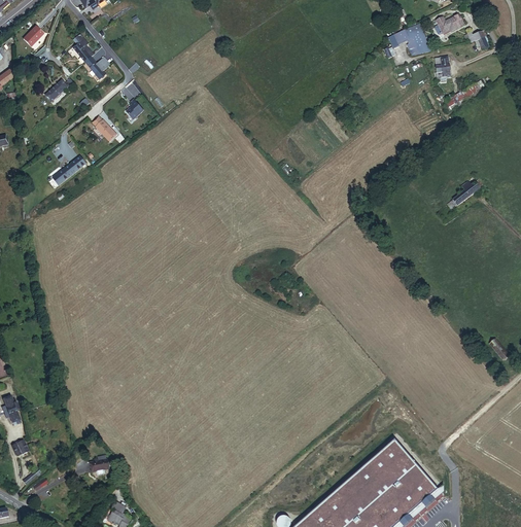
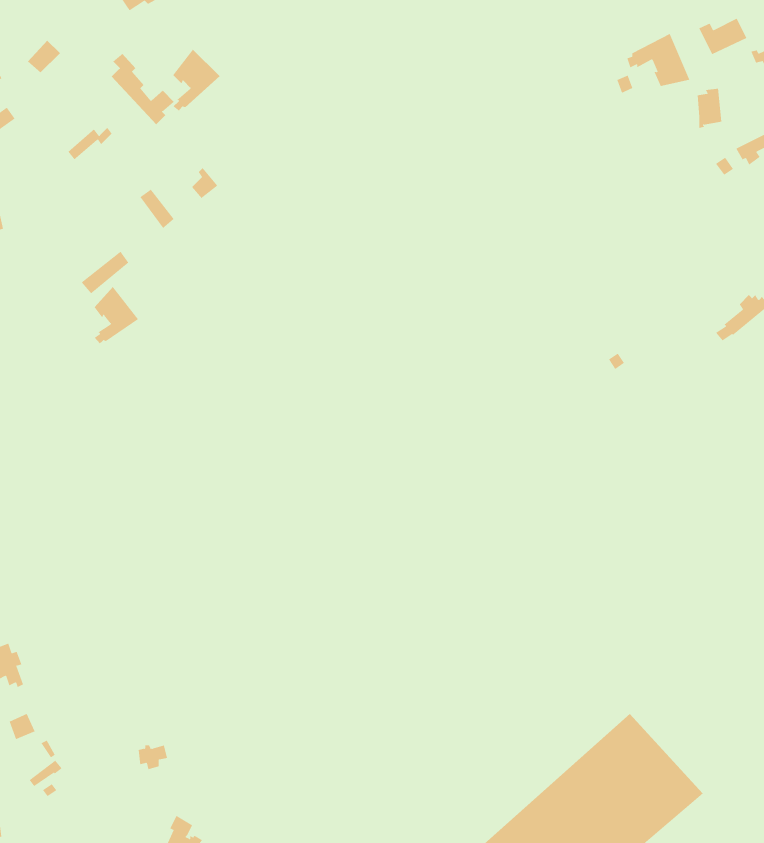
building: none -> [172,49,220,111]
building: none -> [94,286,139,344]

